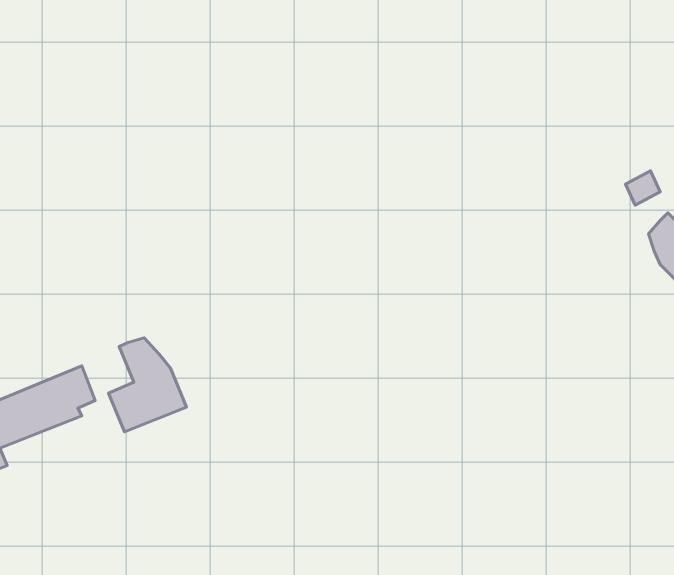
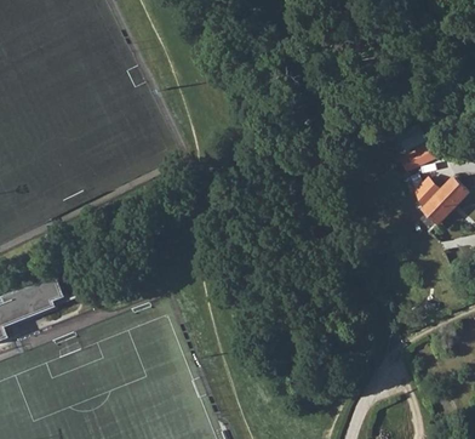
building: [108,338,187,432] -> none

